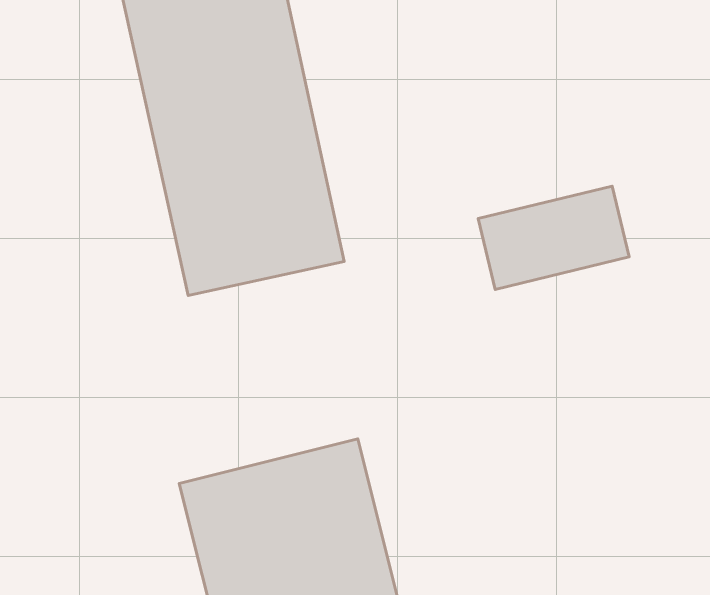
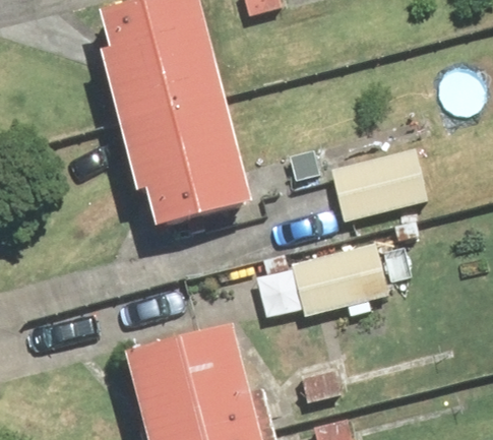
building: none -> [281,236,396,317]

